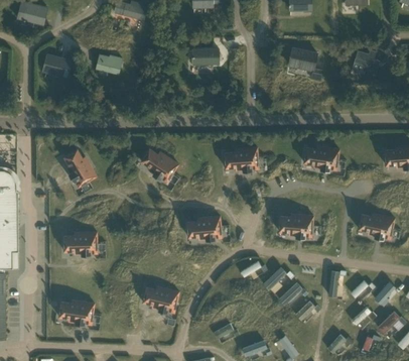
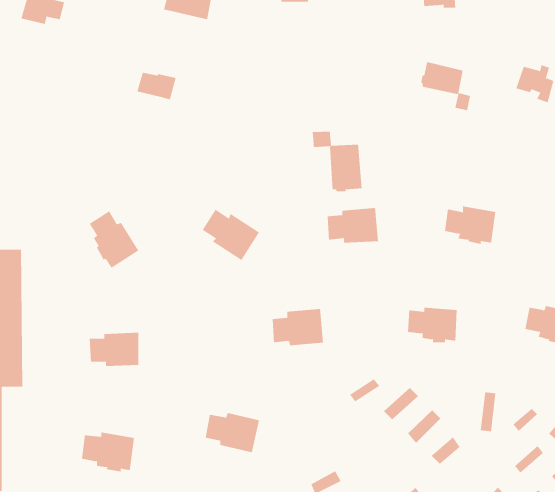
building: [191,48,219,64] -> none
building: [41,54,71,77] -> none
building: none -> [312,131,362,192]

